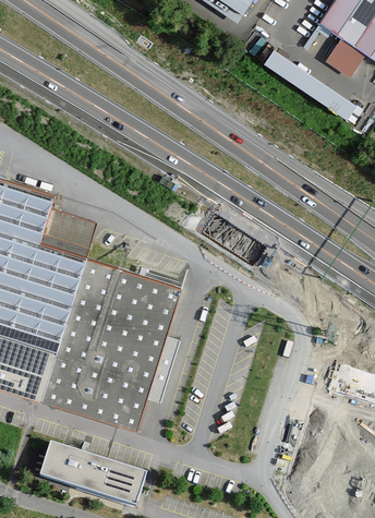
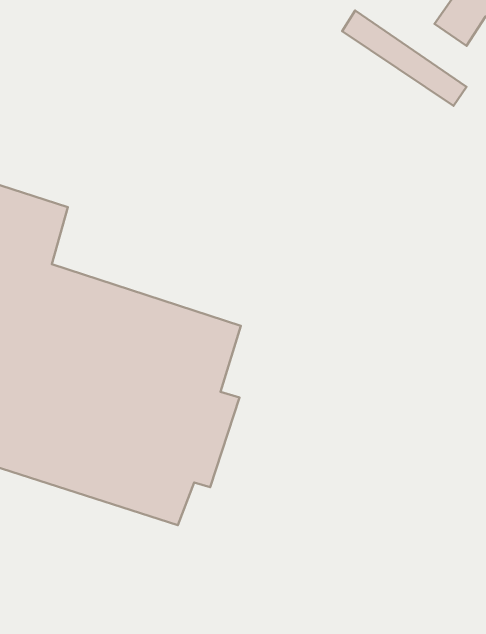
building: [40,443,149,505] -> none

